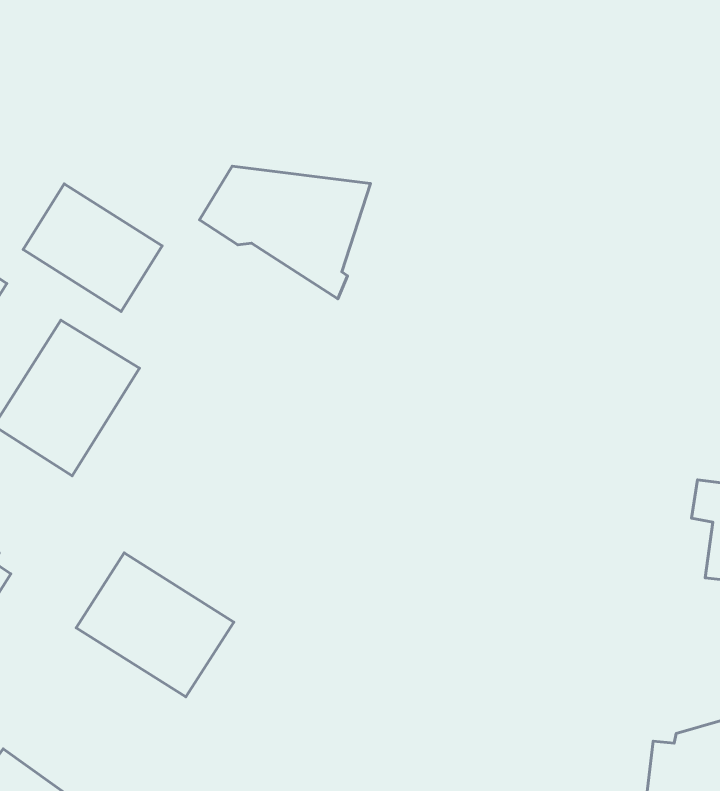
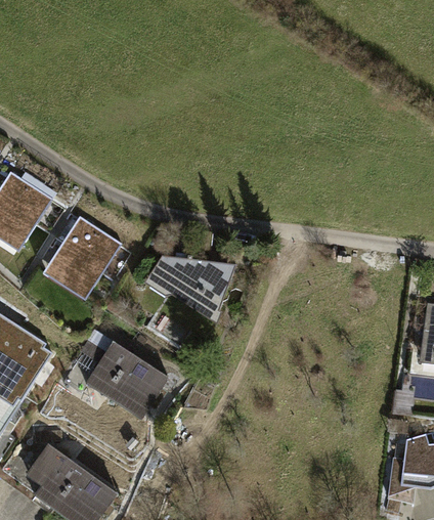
building: [199,166,371,299] -> [145,255,236,326]
building: [23,184,162,312] -> none

